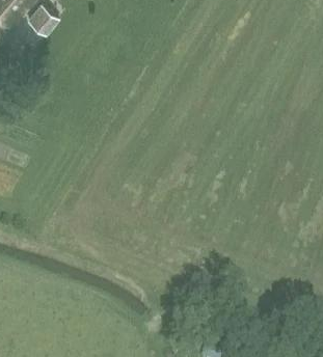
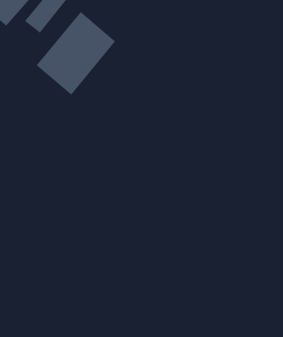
building: none -> [36,11,116,96]

